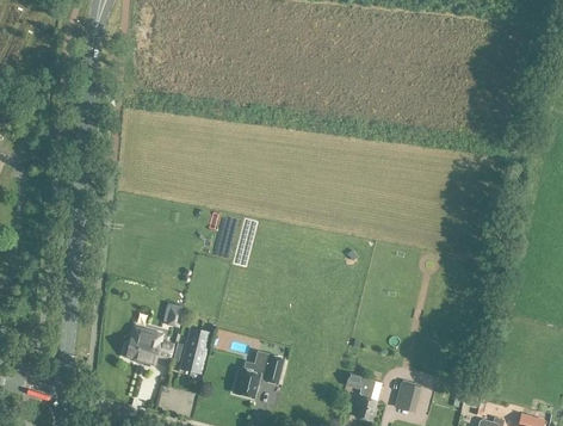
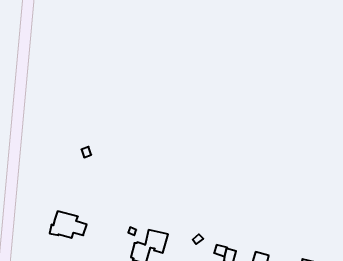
building: [179,328,209,373] -> none

